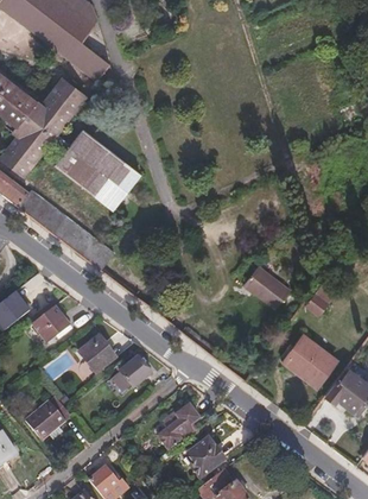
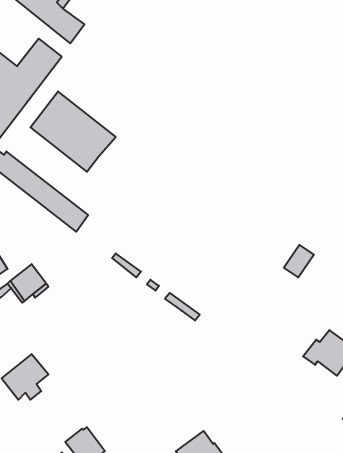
building: [246,269,292,310] -> none
building: [284,331,340,385] -> none
building: [74,334,114,375] -> none
building: [116,356,151,387] -> none
building: [160,406,201,451] -> none
building: [189,435,226,475] -> none

